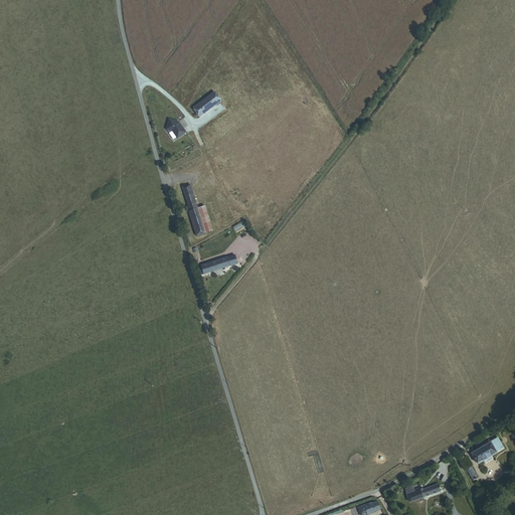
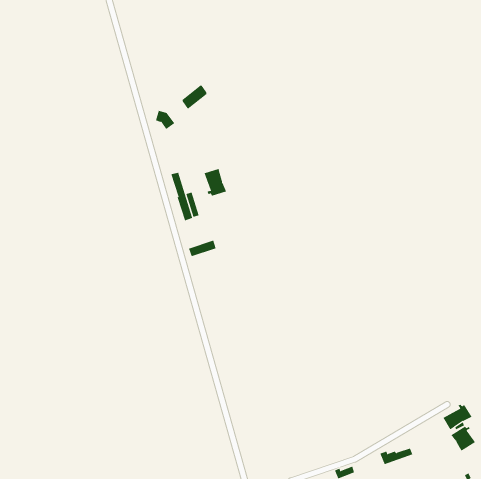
building: none -> [204,168,227,196]
building: none -> [450,426,476,451]

